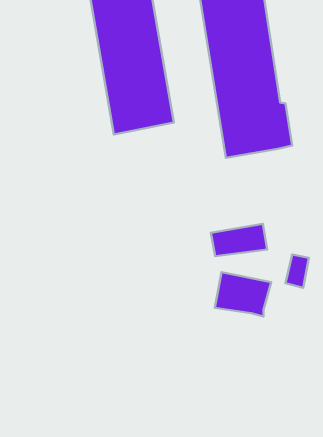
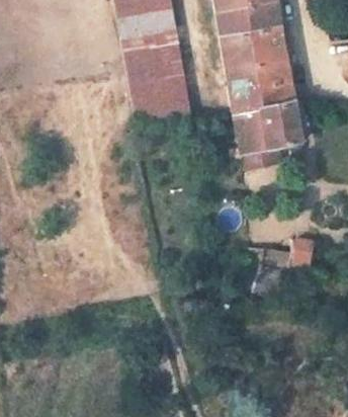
building: [211,224,267,256] -> [240,142,291,171]

